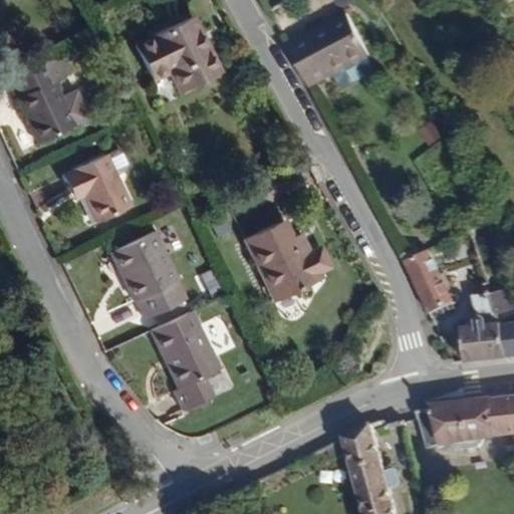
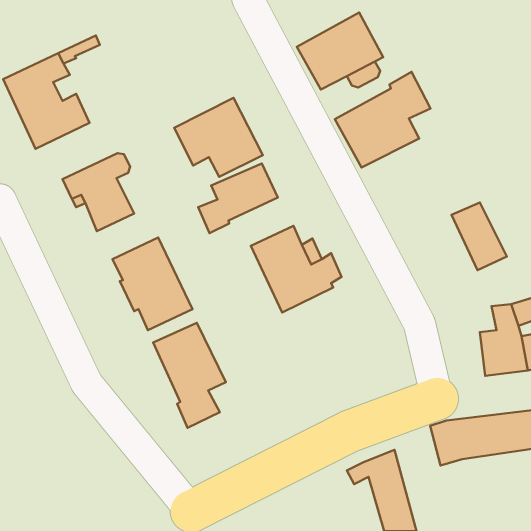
building: [135,15,220,91] -> [174,98,263,177]
building: none -> [335,72,431,167]
building: none -> [198,163,278,233]
building: [405,249,458,314] -> [452,202,507,270]

